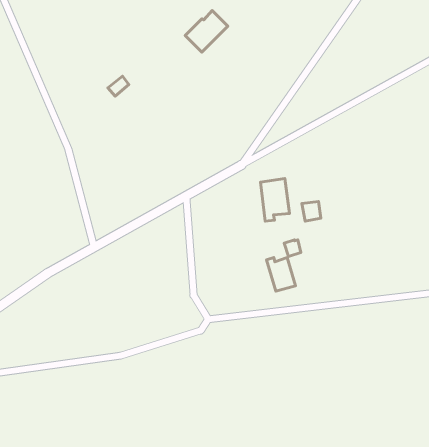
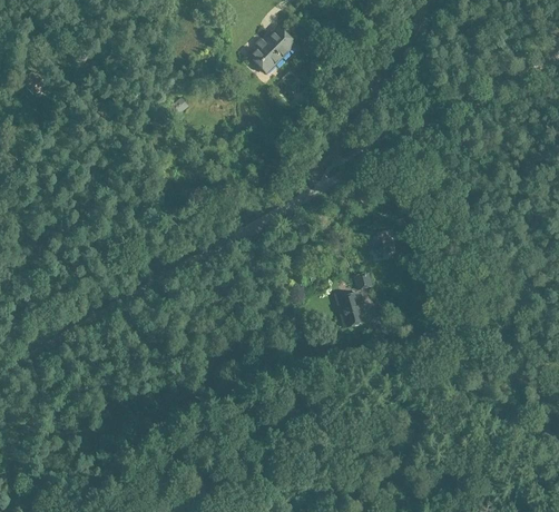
building: [261,178,289,221] -> none

